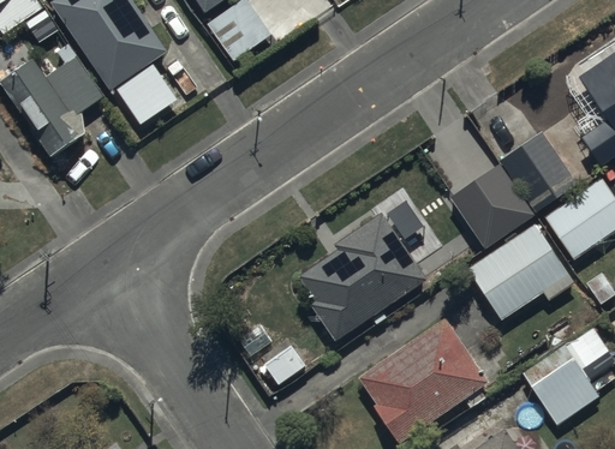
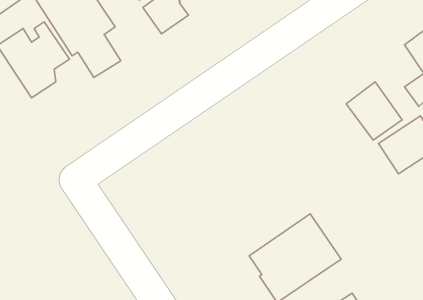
building: [453,172,524,243] -> none
building: [300,209,426,339] -> none
building: [466,222,575,319] -> none
building: [531,357,601,425] -> none

